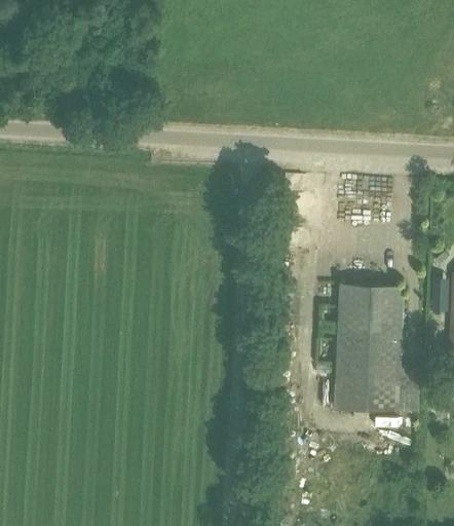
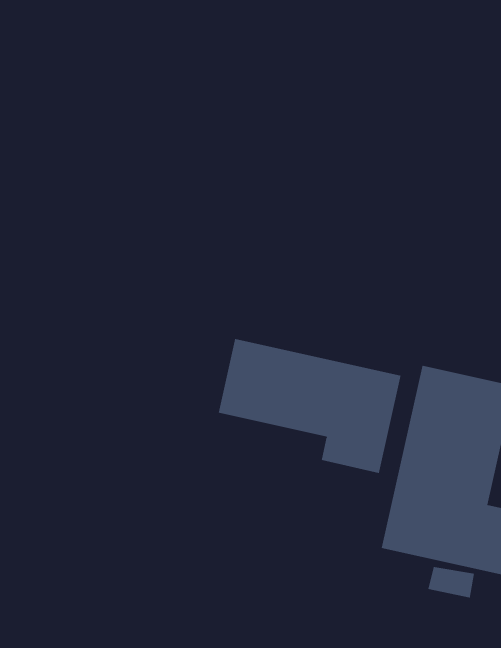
building: none -> [218,338,401,474]

